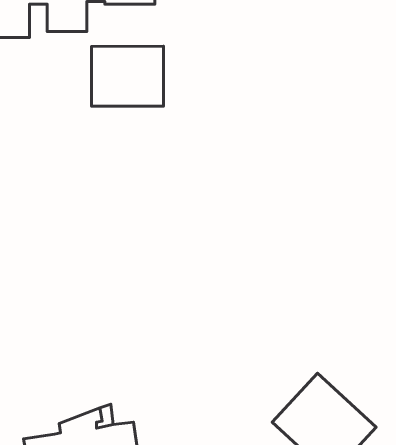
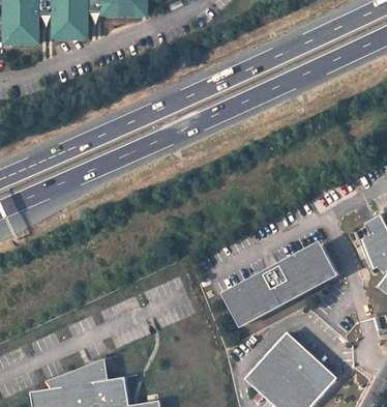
building: [91,46,163,106] -> none
building: none -> [226,244,338,325]

